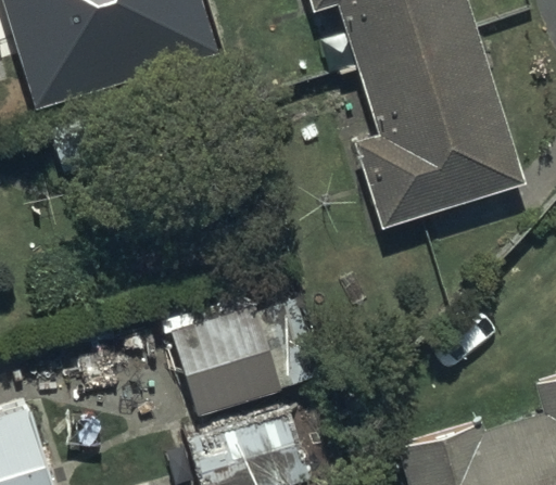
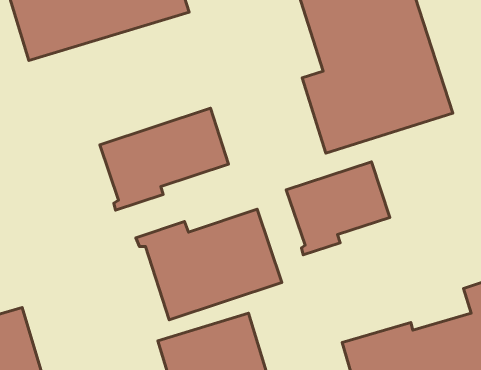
building: none -> [100,108,229,210]
building: none -> [286,162,390,255]

